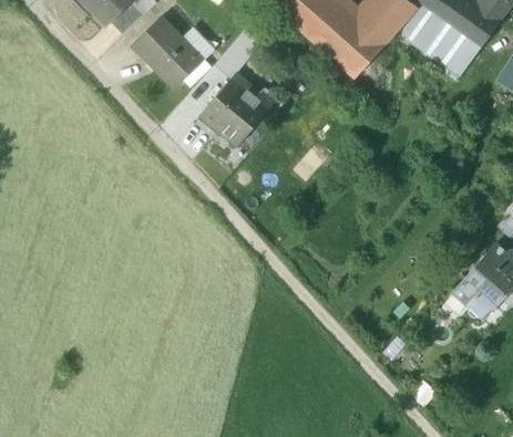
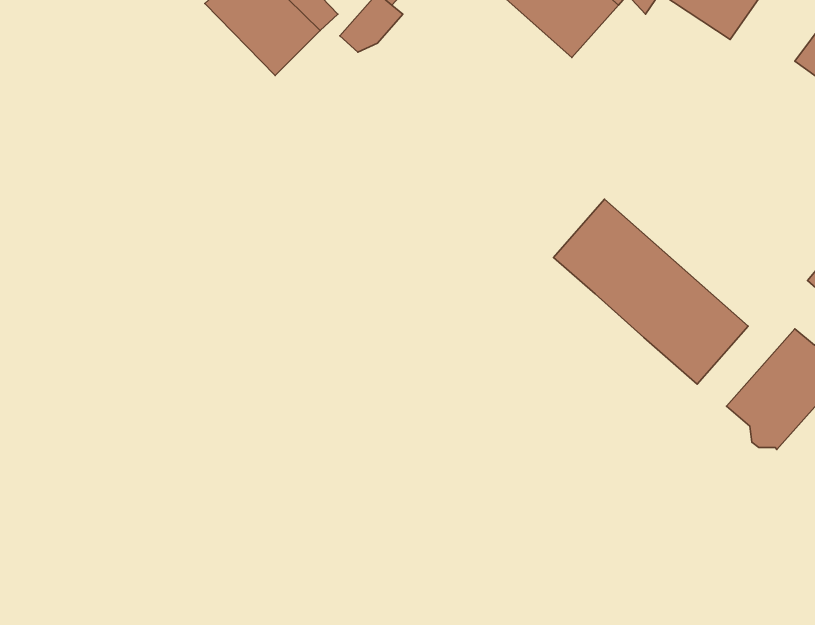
building: [201,76,269,144] -> none
building: none -> [553,199,748,384]

